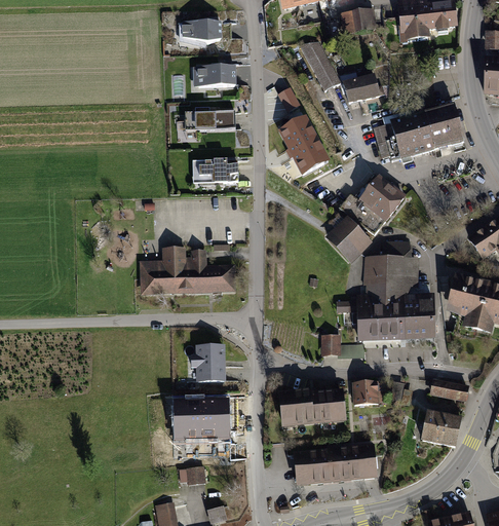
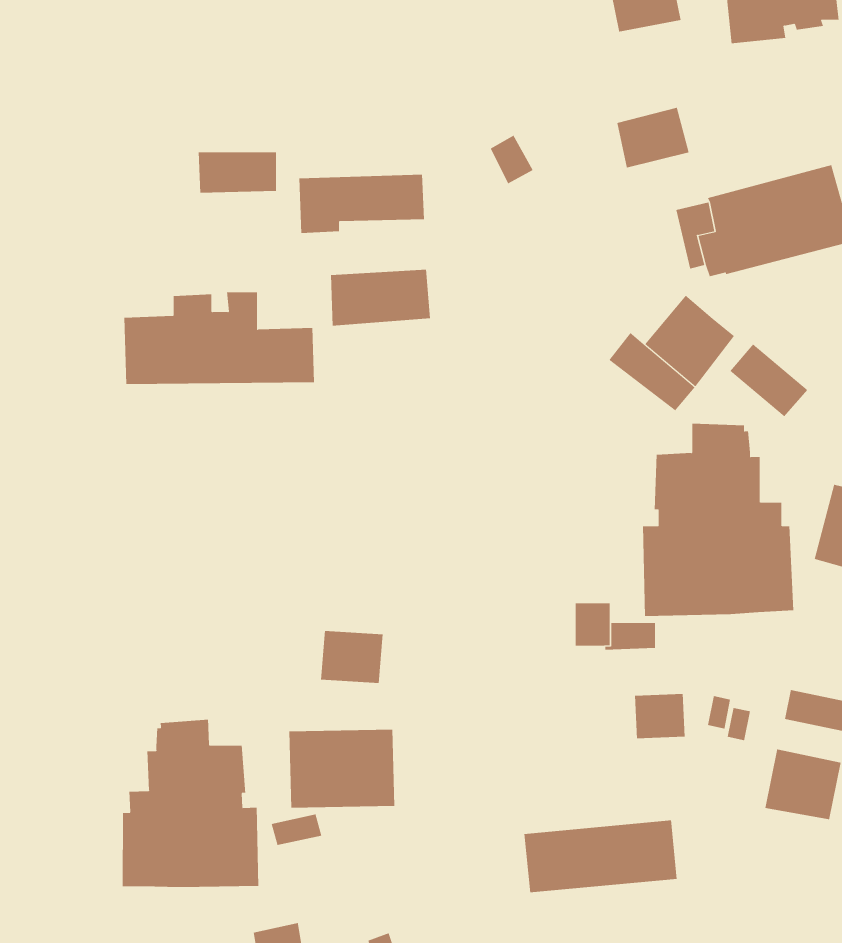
building: [185,24,225,42] -> none
building: [300,40,342,90] -> none
building: [196,68,237,89] -> [198,152,277,193]
building: [278,117,330,178] -> none
building: none -> [729,344,808,417]
building: [324,214,371,261] -> none
building: [141,248,240,296] -> [123,292,315,385]
building: [278,387,345,424] -> none
building: none -> [122,719,259,888]
building: [183,464,207,482] -> none

